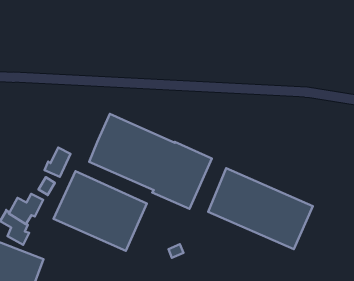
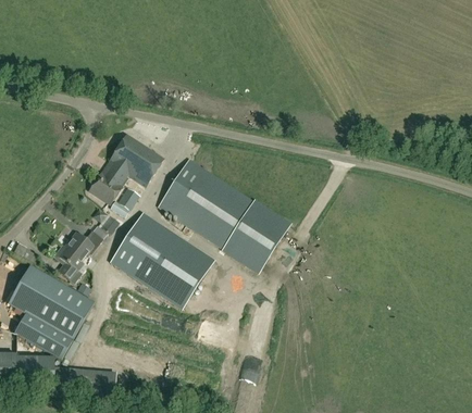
building: none -> [88,134,162,202]
building: [208,168,313,249] -> none

